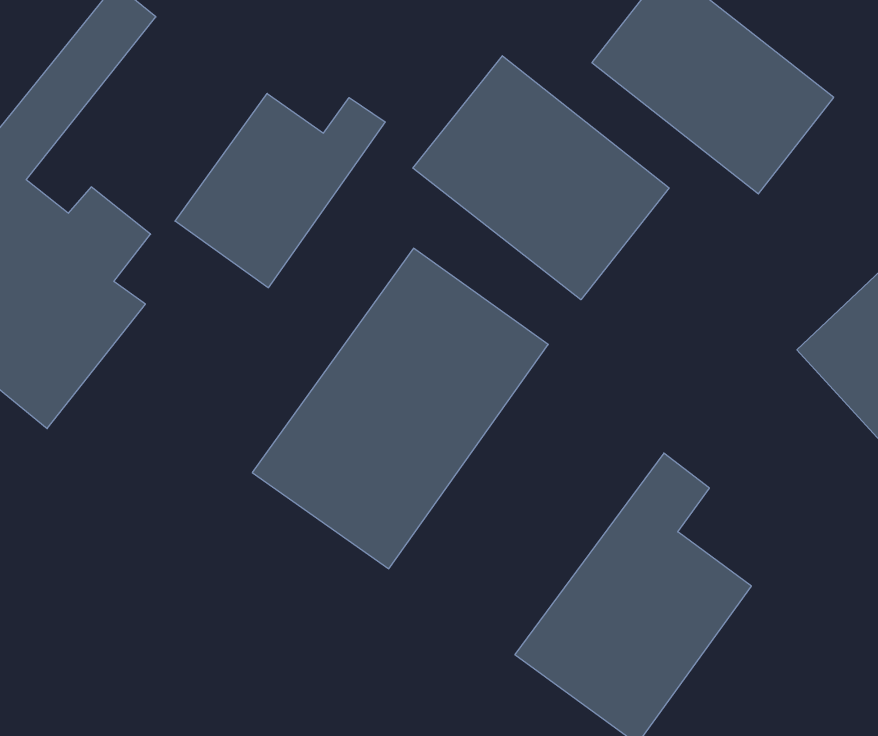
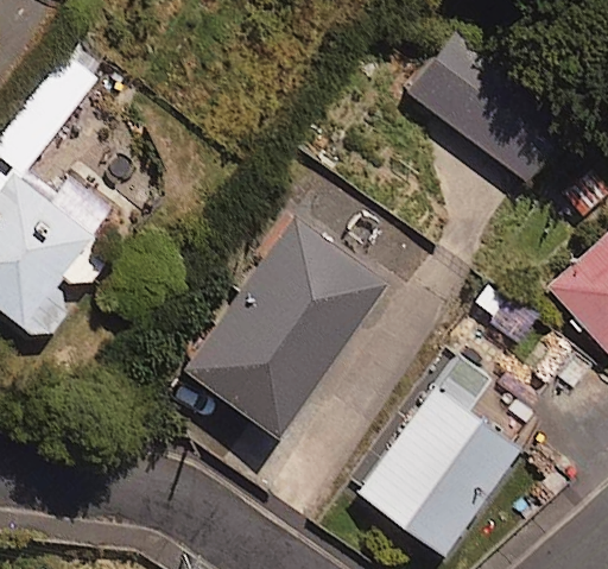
building: [413,56,669,300] -> none
building: [175,93,385,288] -> none

